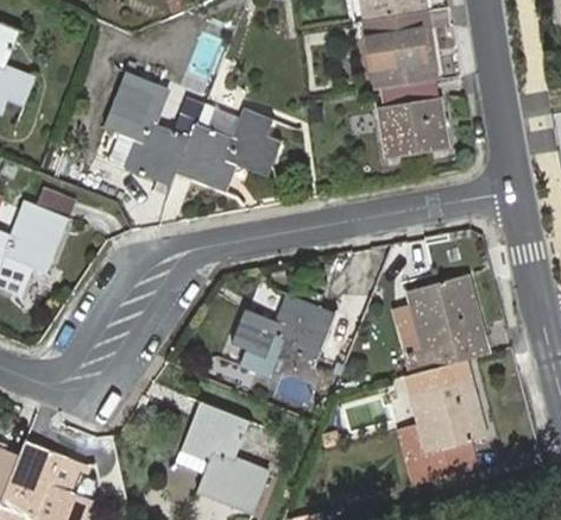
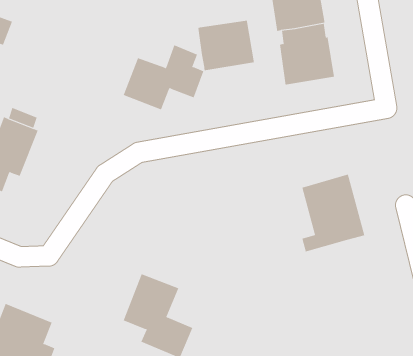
building: [102,65,202,187] -> none
building: none -> [198,20,254,71]
building: [231,295,336,376] -> none
building: [404,359,486,485] -> none

